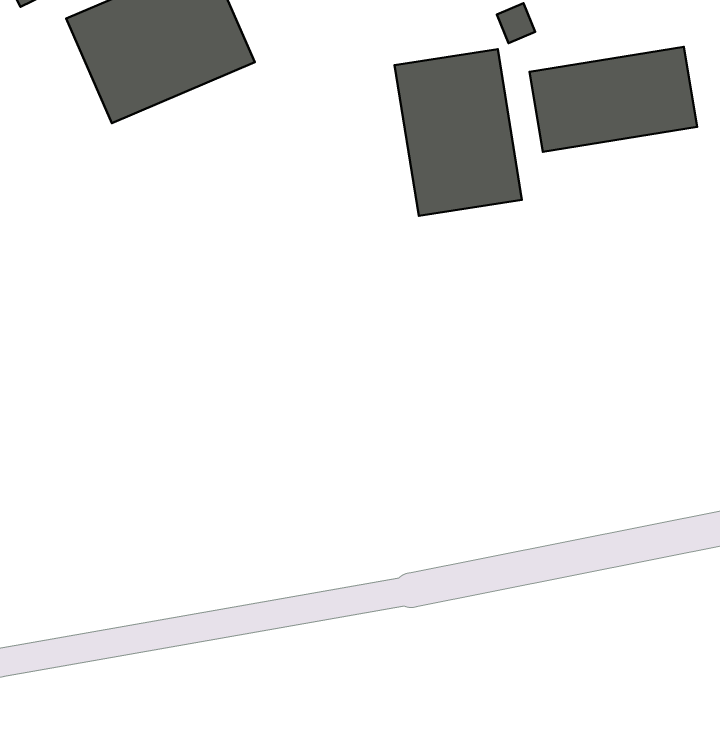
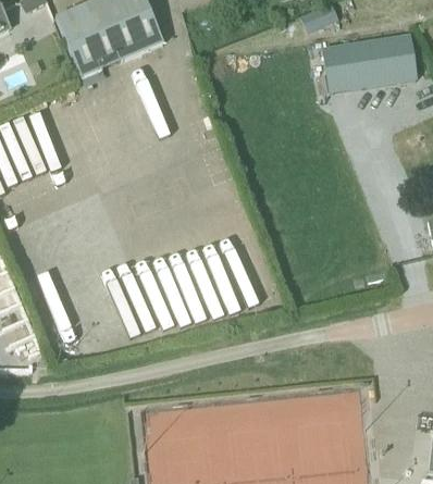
building: [395,49,522,216] -> none

